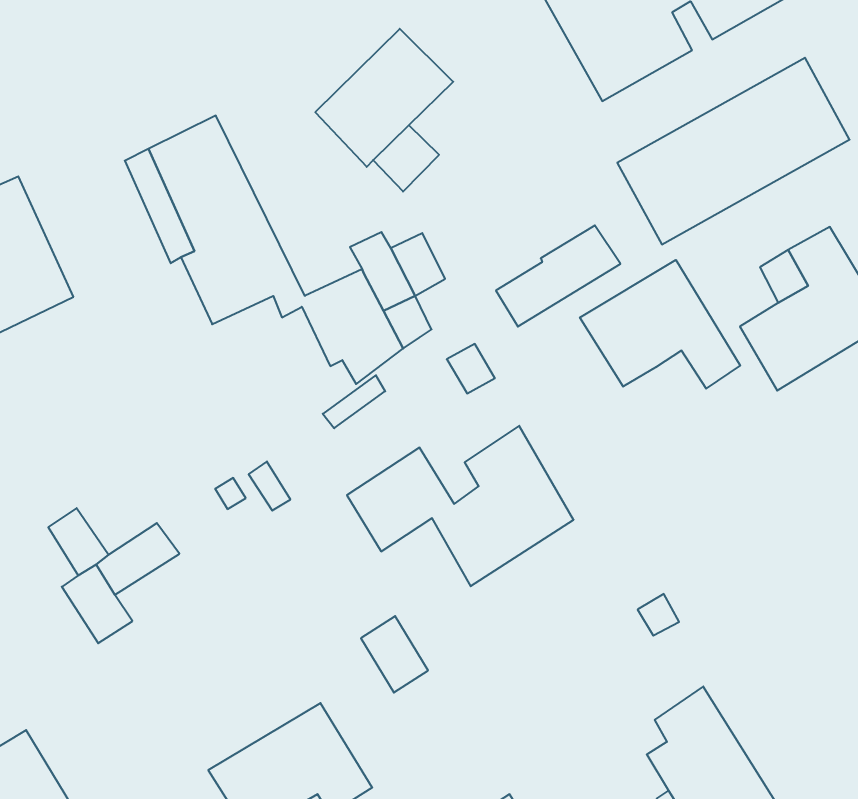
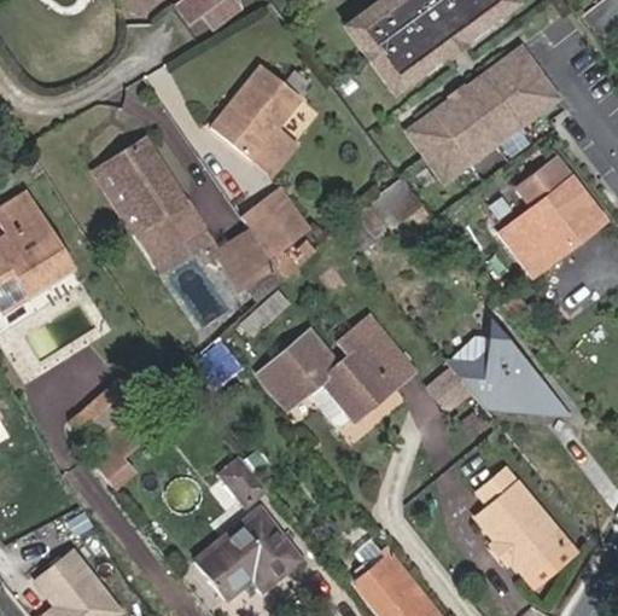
building: [580,260,740,389] -> none
building: none -> [445,322,567,414]
building: [361,616,428,693] -> [220,457,266,506]

